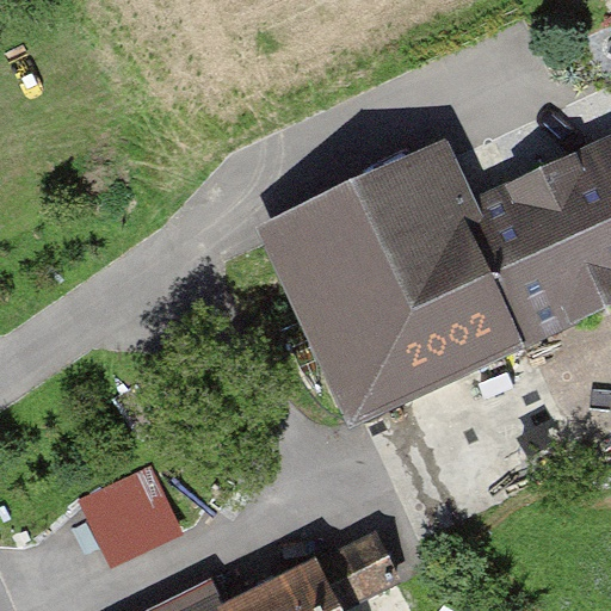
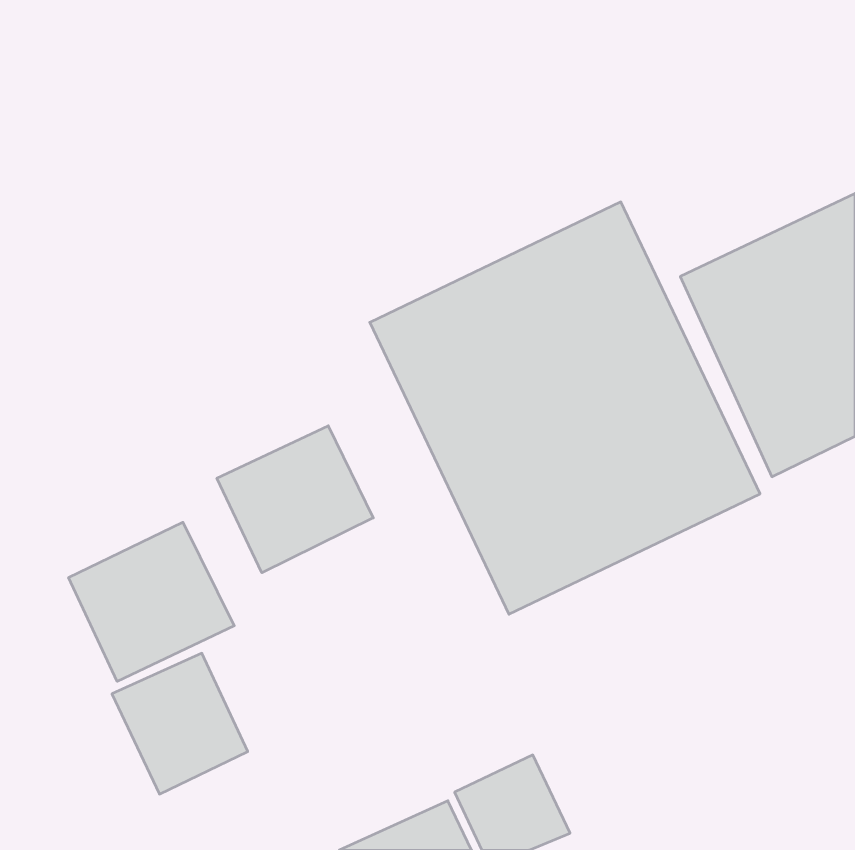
building: none -> [217,426,373,573]
building: none -> [69,522,234,681]

